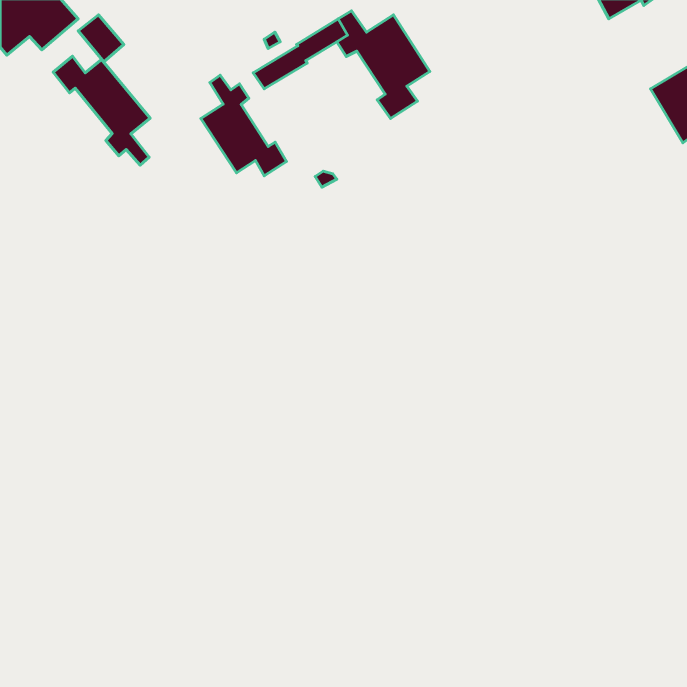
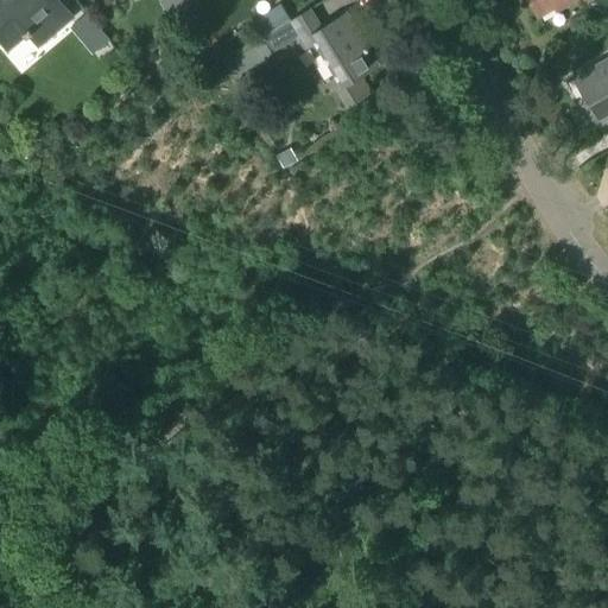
building: [53,56,150,165] -> none
building: [201,75,287,176] -> none

